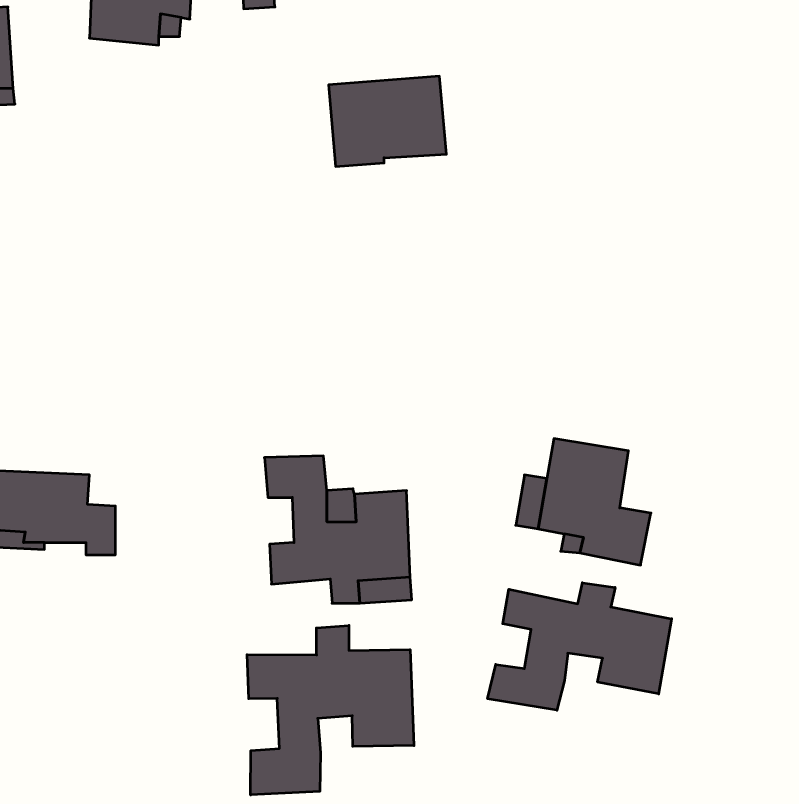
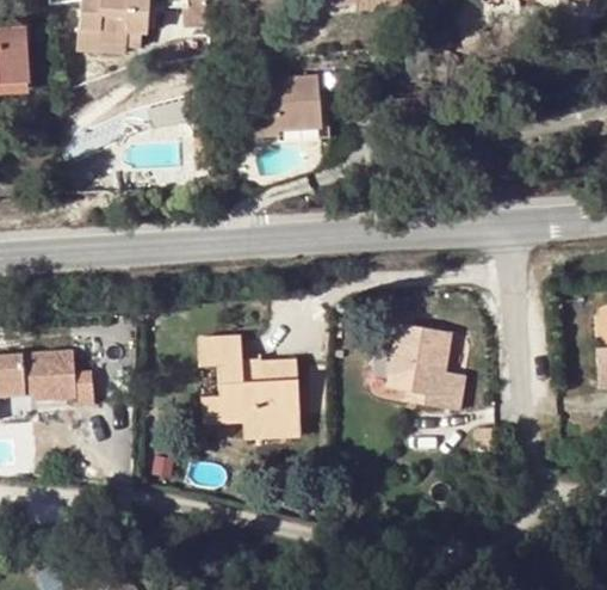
building: [488,583,672,710] -> none
building: [247,625,414,795] -> none

